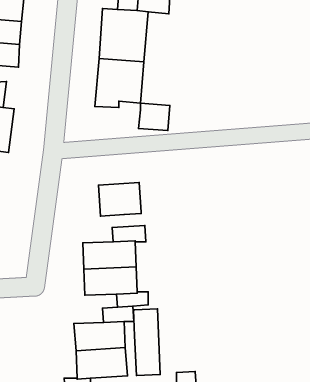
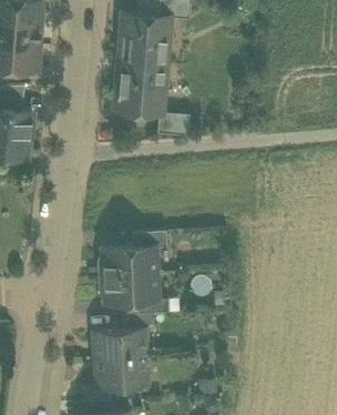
building: [99,182,141,216] -> none
building: [134,309,160,376] -> none

